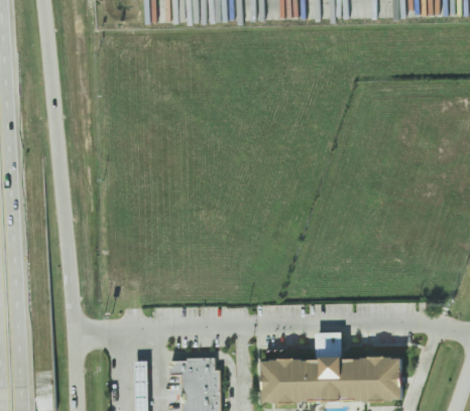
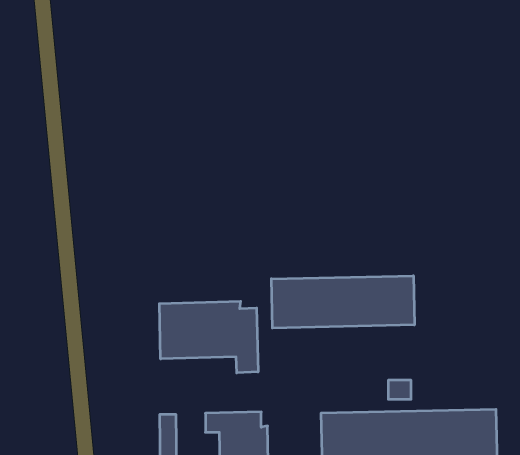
building: none -> [271,276,414,328]
building: none -> [159,301,258,373]

